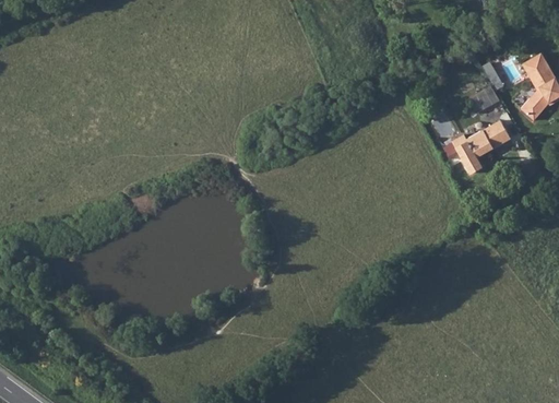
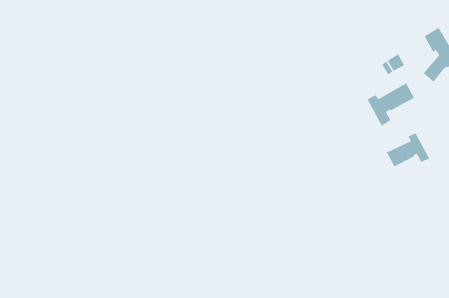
building: none -> [386,133,430,167]

